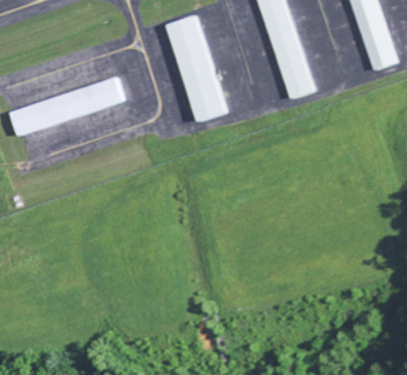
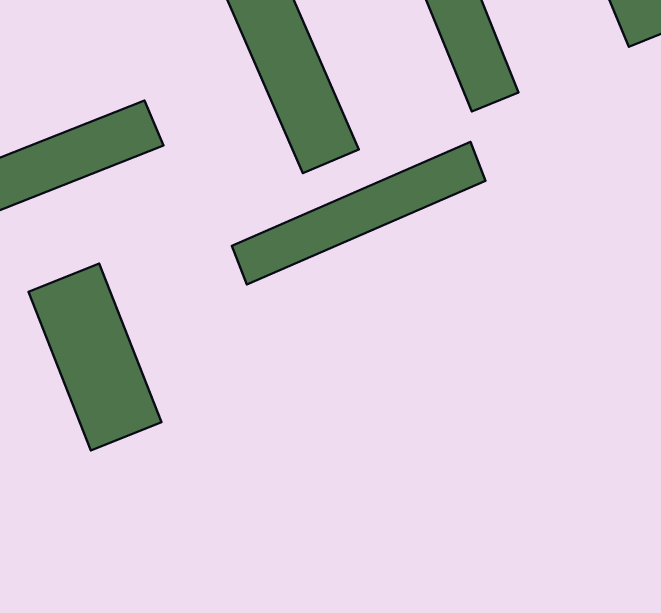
building: none -> [232,142,486,285]
building: none -> [28,263,162,451]

